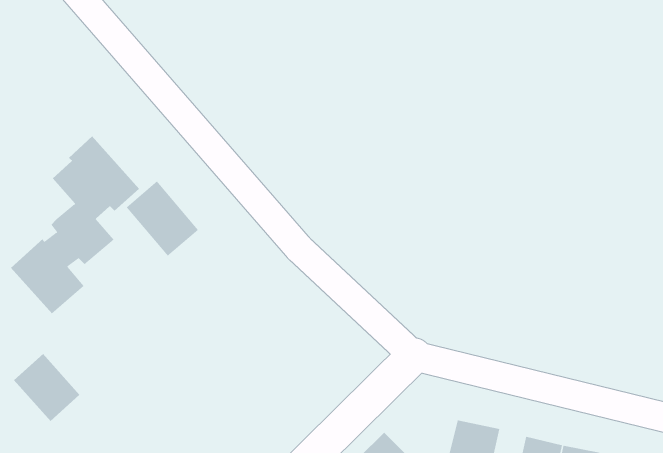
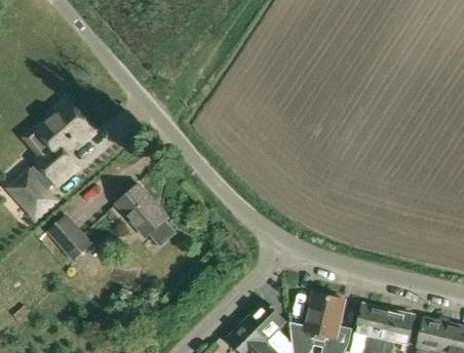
building: [126,181,199,257] -> [117,184,167,236]
building: [13,353,80,422] -> [47,213,93,261]

